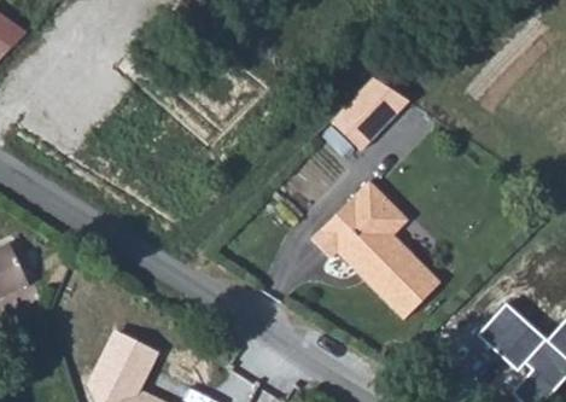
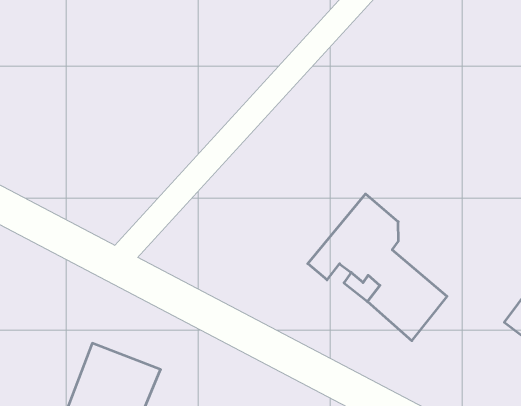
building: [334,62,413,139] -> none

